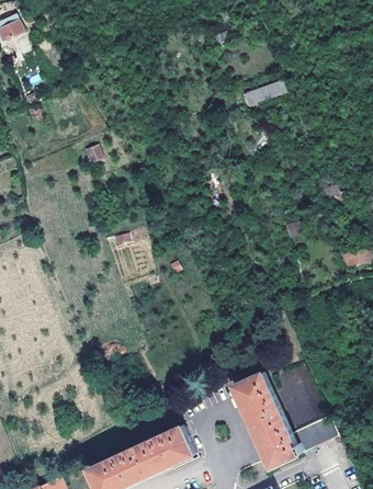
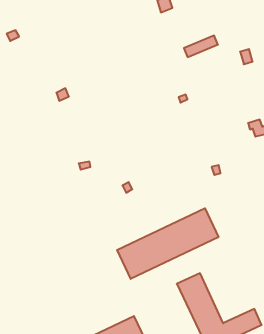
building: none -> [117,208,218,279]

